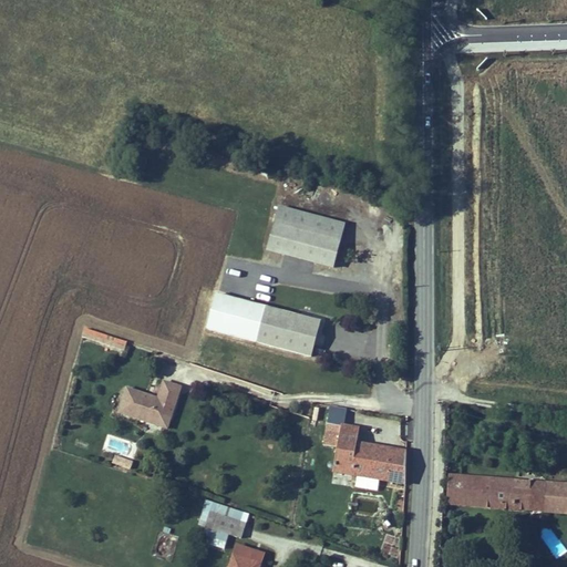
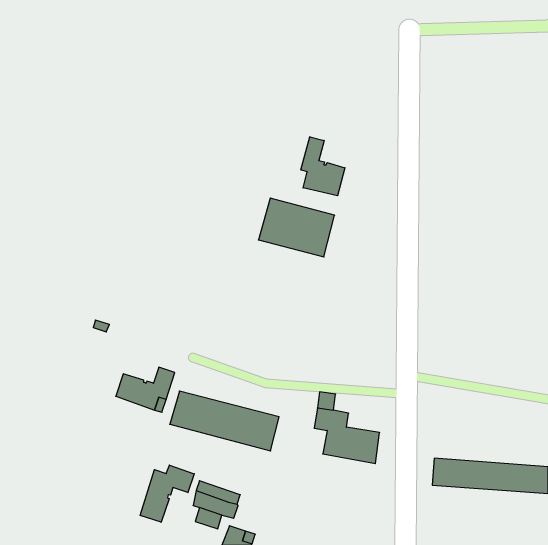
building: none -> [301,137,345,196]
building: [207,292,320,354] -> [170,391,279,451]
building: [388,447,406,482] -> none
building: none -> [140,465,194,522]

